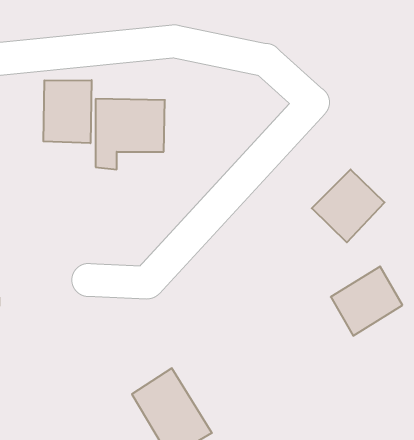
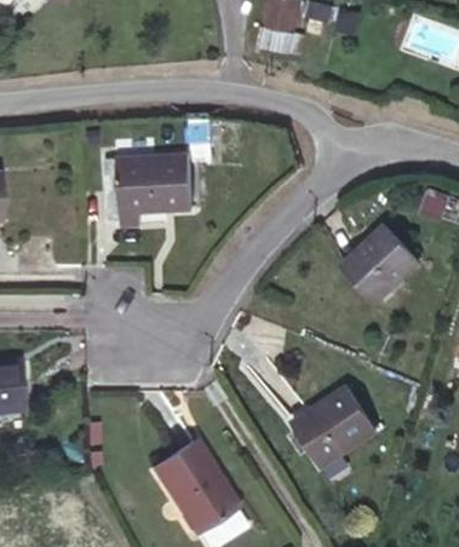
building: [43,80,92,143] -> none
building: [331,266,402,336] -> [298,392,372,463]

